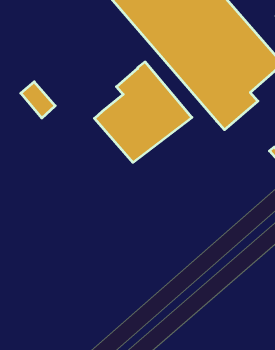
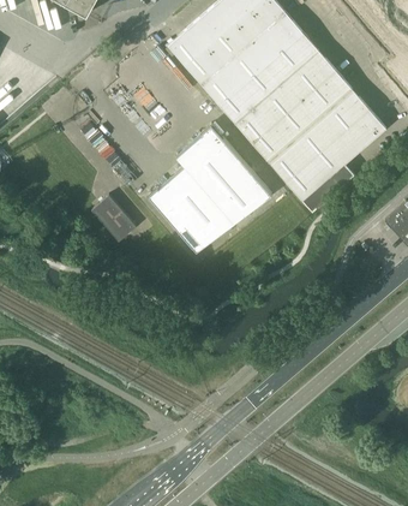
building: [21,82,55,118] -> [92,196,136,242]

